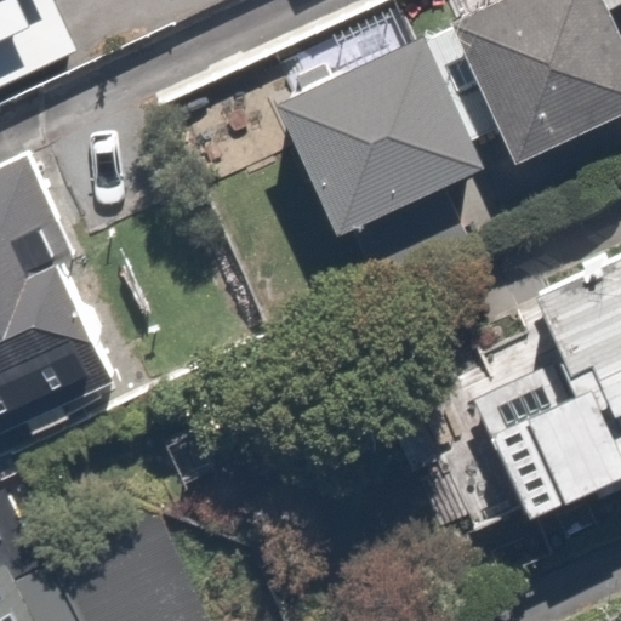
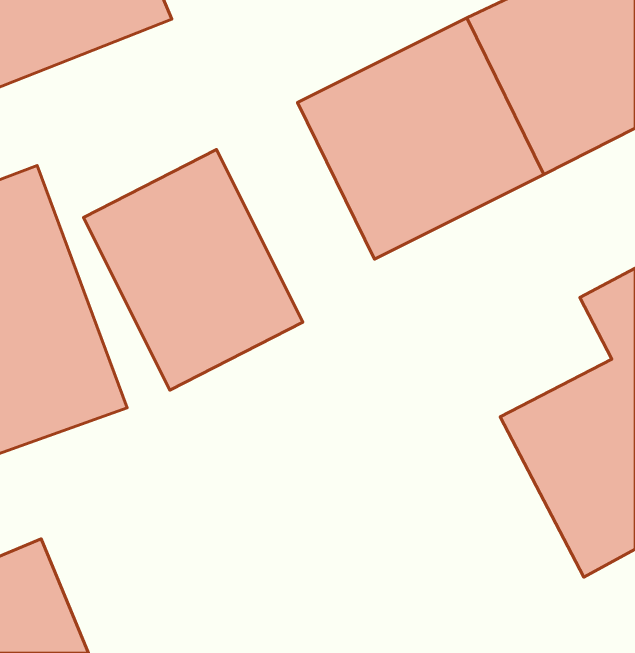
building: none -> [84,150,303,390]

